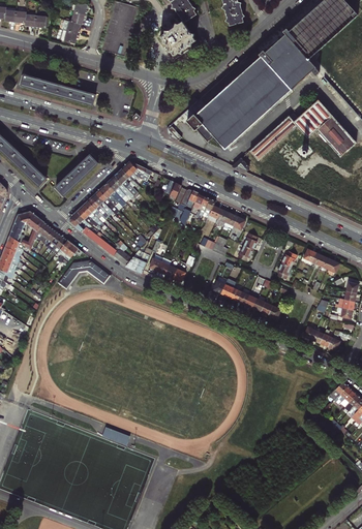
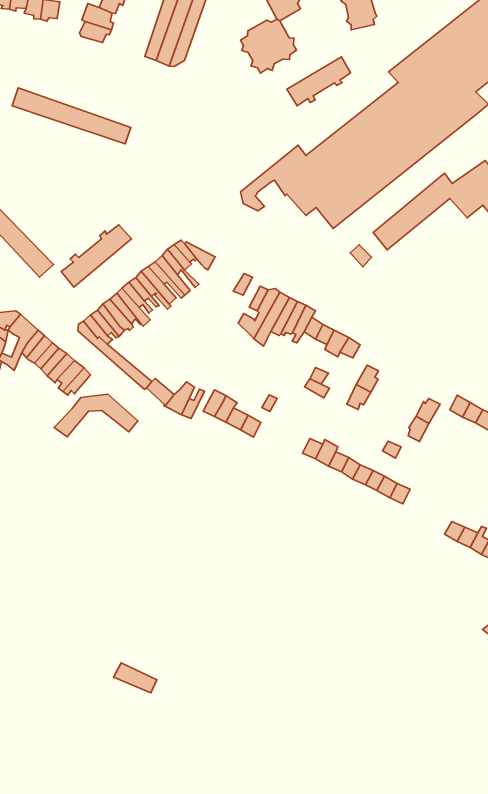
building: none -> [287,57,350,106]

